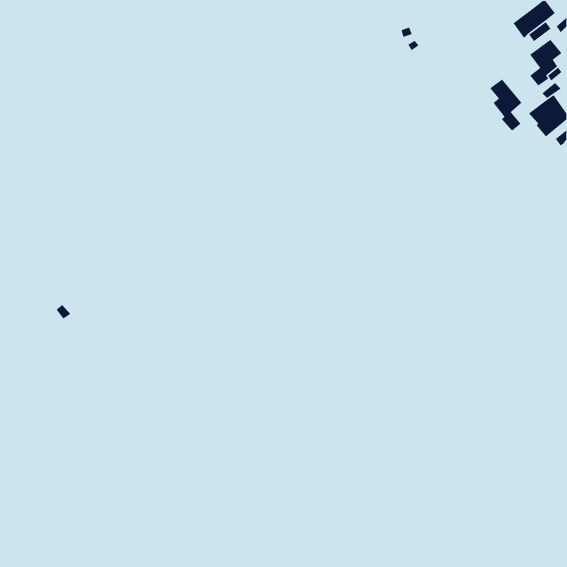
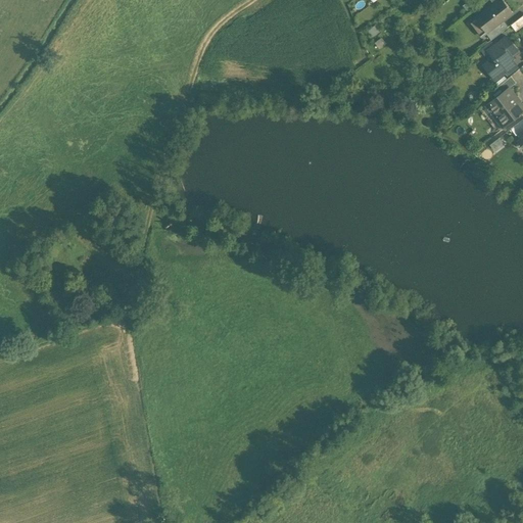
building: [489,79,523,131] -> none

